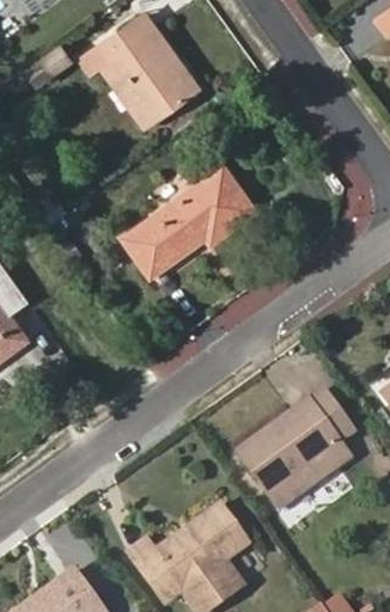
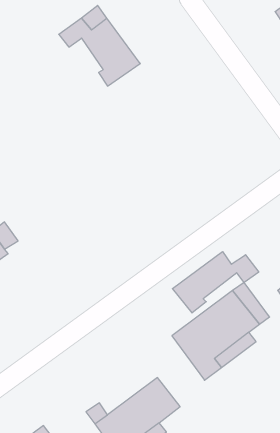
building: [78,51,154,129] -> none
building: [124,167,255,275] -> none
building: none -> [172,252,259,313]

